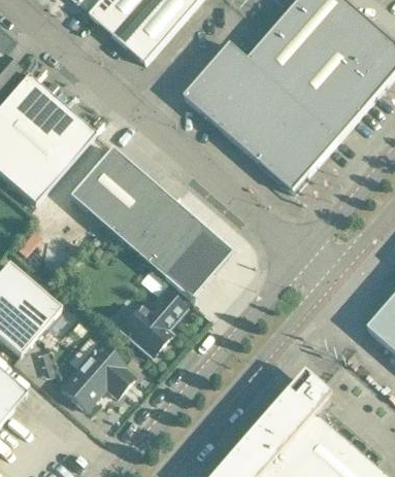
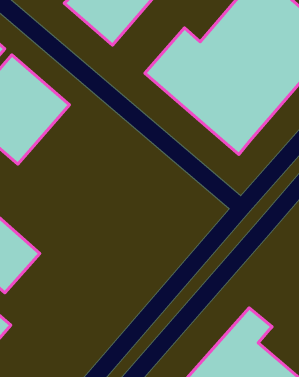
building: [69,146,231,299] -> none
building: [121,288,186,356] -> none
building: [60,341,134,408] -> none

